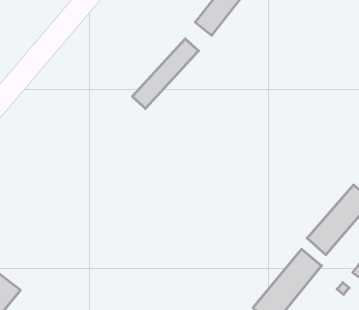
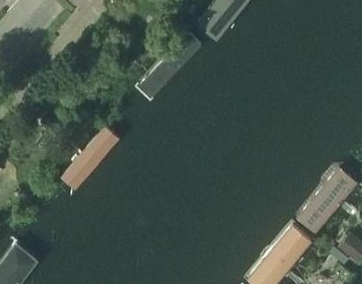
building: none -> [61,130,116,190]

